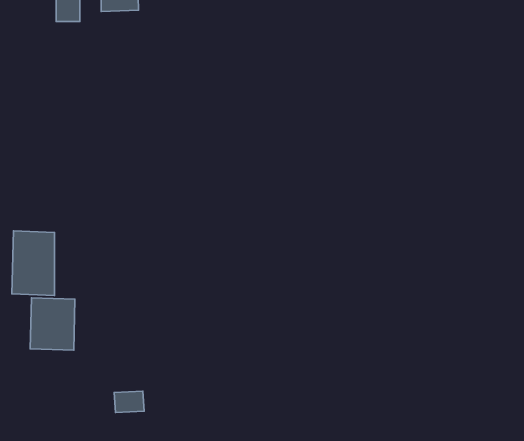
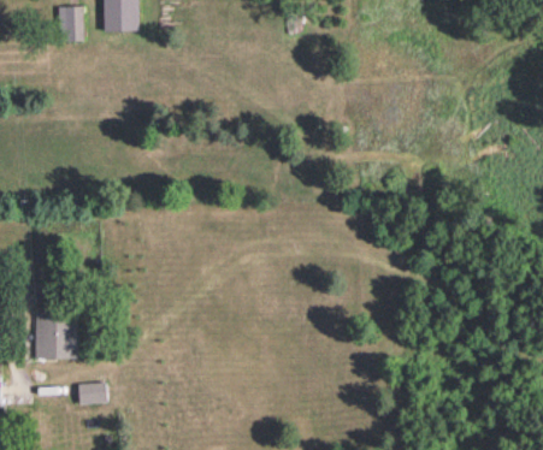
building: [12,231,55,295] -> none
building: [114,391,144,412] -> [77,384,106,404]

